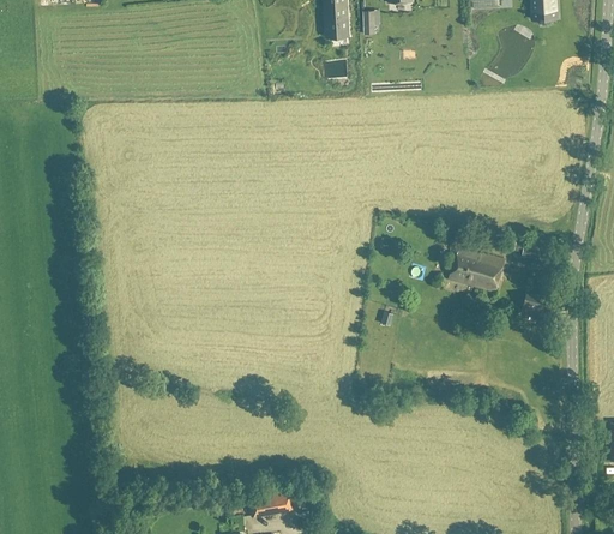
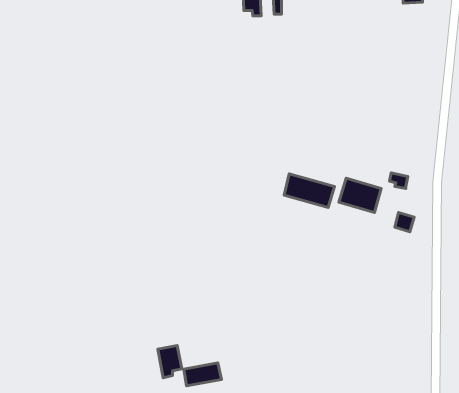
building: none -> [284,174,335,208]
building: none -> [158,346,182,378]

